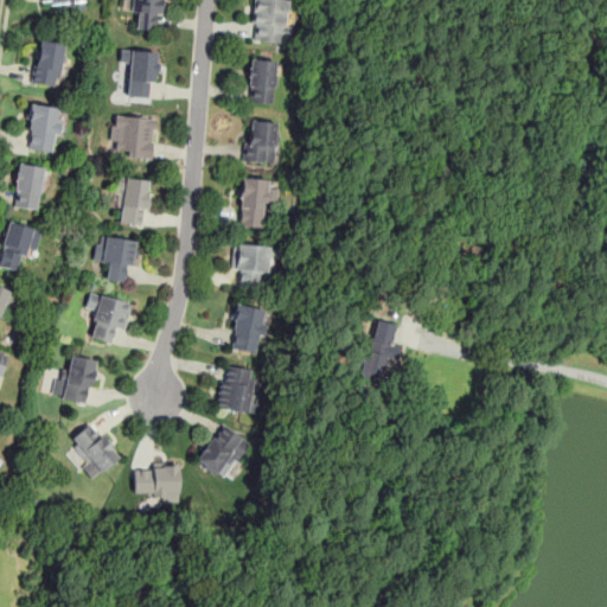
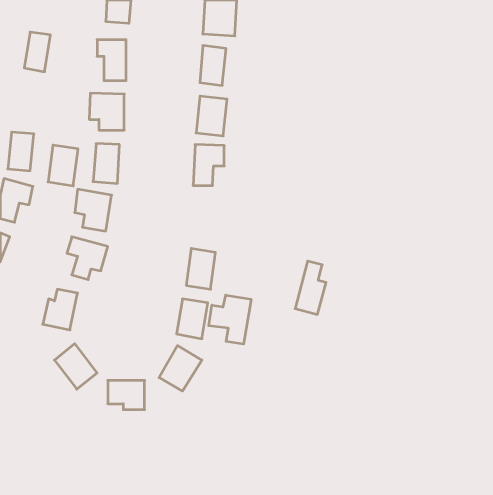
building: [26,103,63,153] -> [48,145,78,186]
building: [234,243,274,288] -> none
building: none -> [209,295,251,344]

